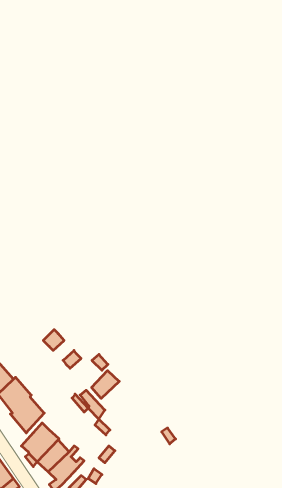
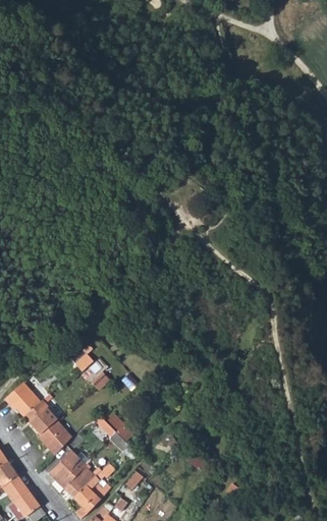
building: [92,371,119,398] -> none

